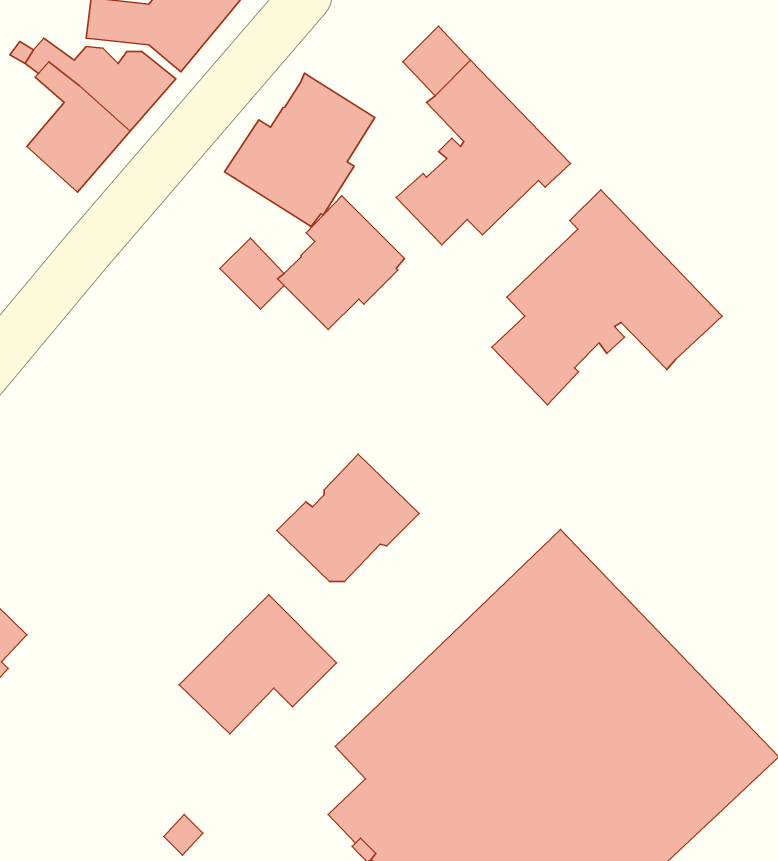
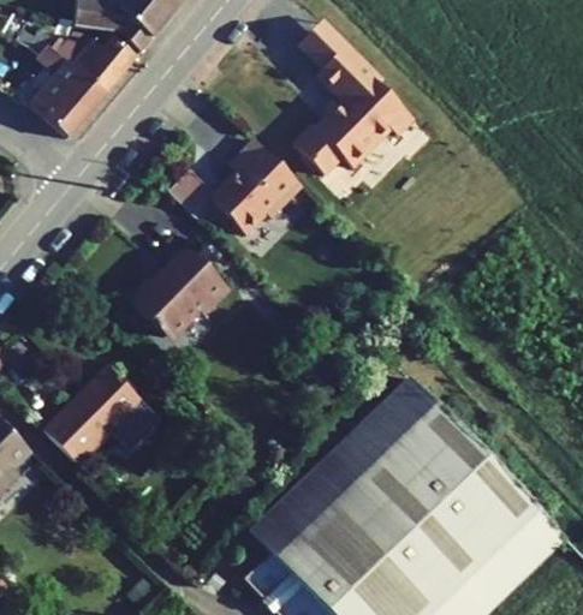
building: [225,73,375,227] -> none
building: [492,190,722,405] -> none
building: [277,454,419,581] -> [129,246,230,336]
building: [179,595,337,734] -> [43,366,155,465]

